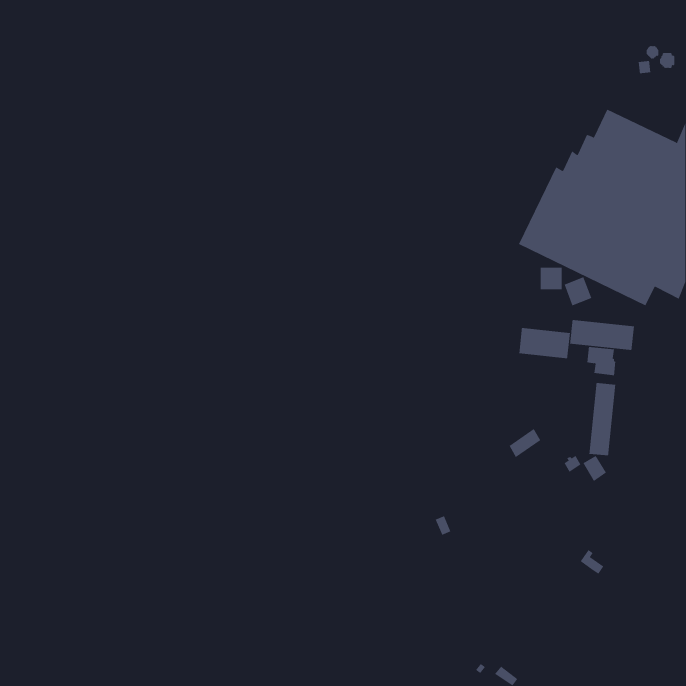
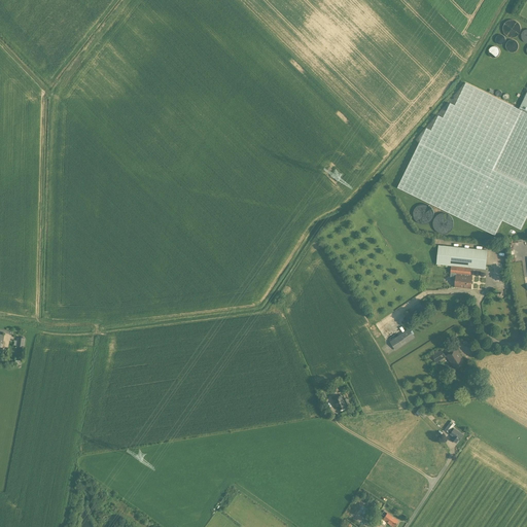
building: [519,327,570,359] -> none
building: [589,382,616,456] -> none

